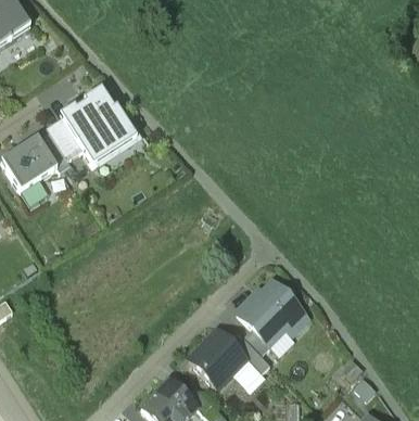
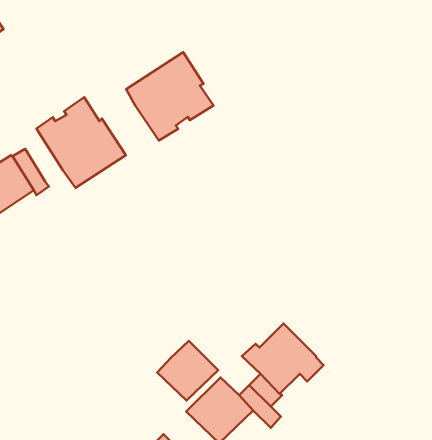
building: none -> [126,52,214,141]
building: [47,117,82,160] -> none
building: none -> [157,341,218,401]

